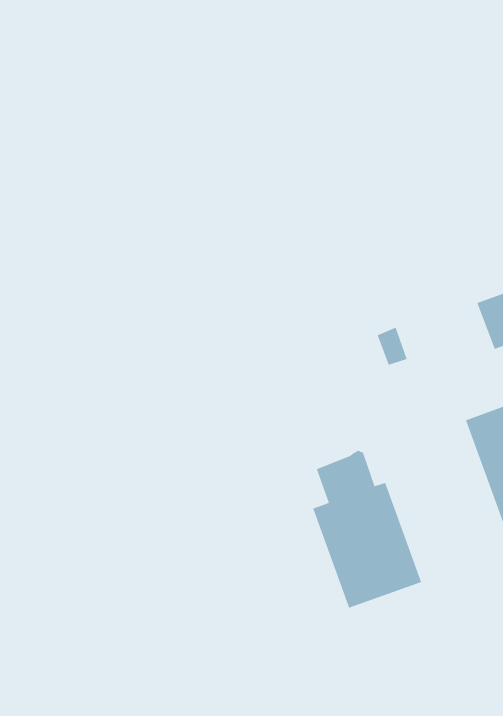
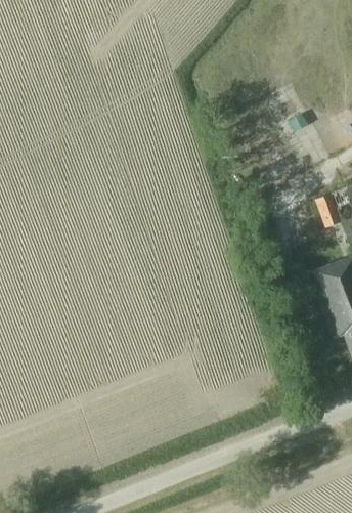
building: [312,450,422,608] -> none

